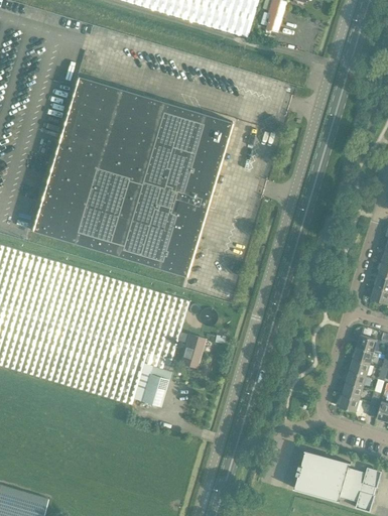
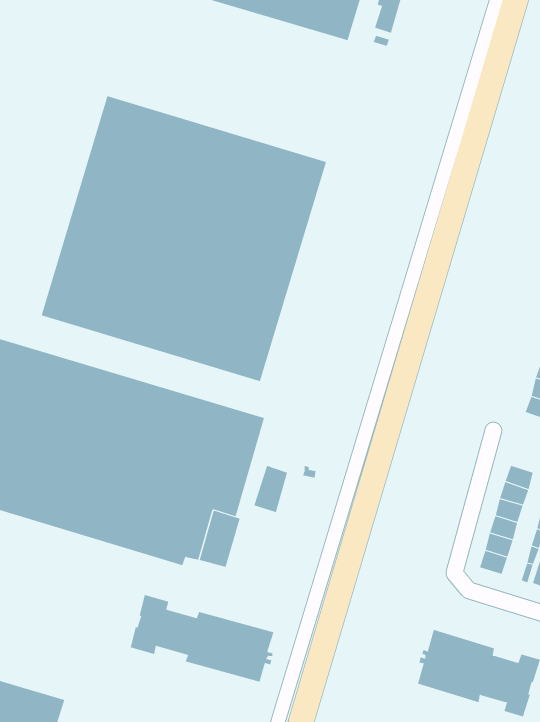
building: none -> [130,594,274,682]

